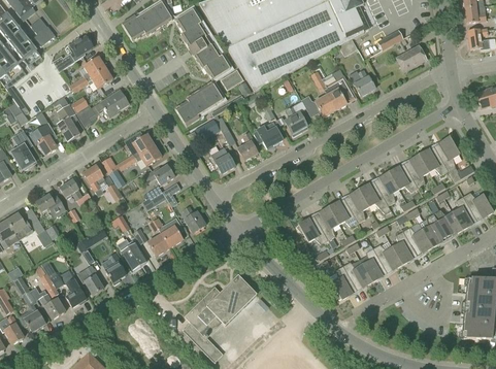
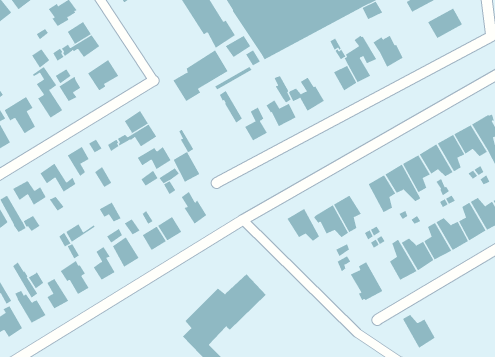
building: [211,127,235,173] -> [173,129,200,183]
building: [329,197,358,226] -> [287,208,320,241]
building: [343,260,372,290] -> [402,314,436,349]

